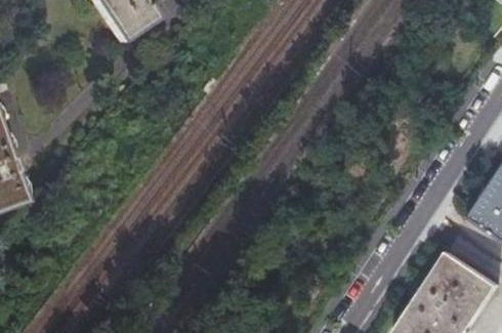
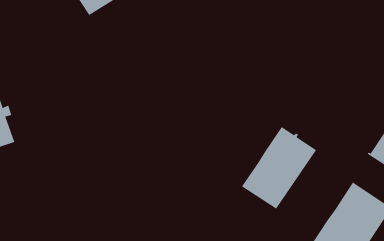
building: none -> [241,126,317,210]

